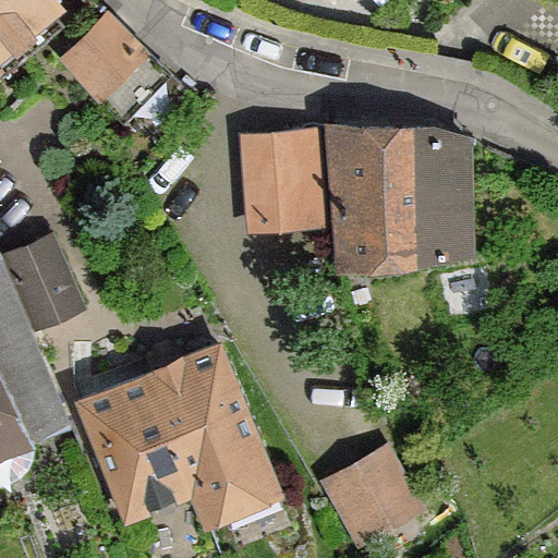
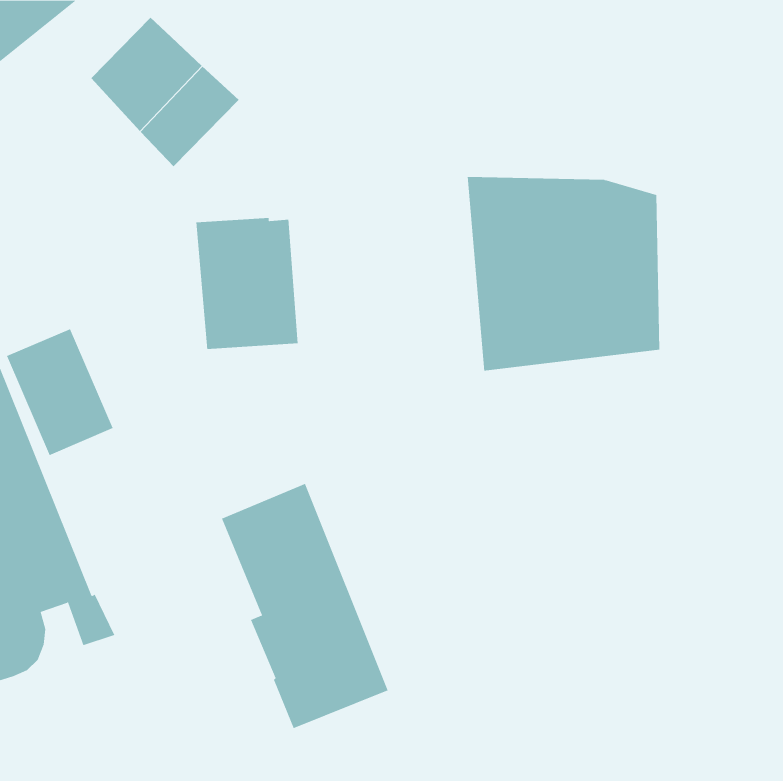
building: [245,133,318,227] -> [196,218,299,350]
building: [81,371,208,521] -> none
building: [329,451,415,538] -> none

